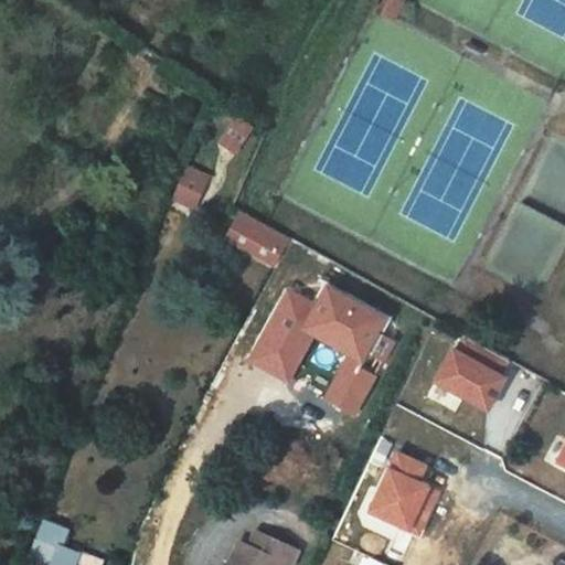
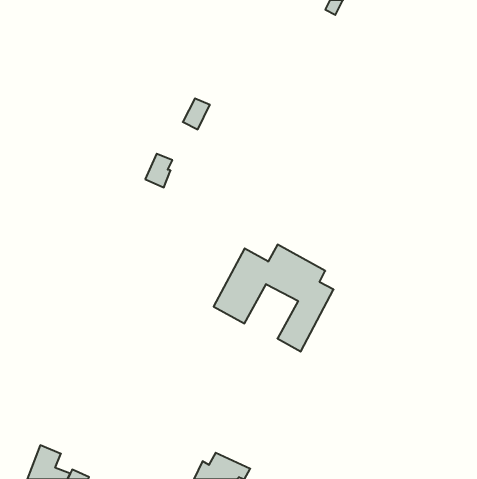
building: [225,211,284,258] -> none
building: [434,337,507,409] -> none
building: [367,451,435,532] -> none

